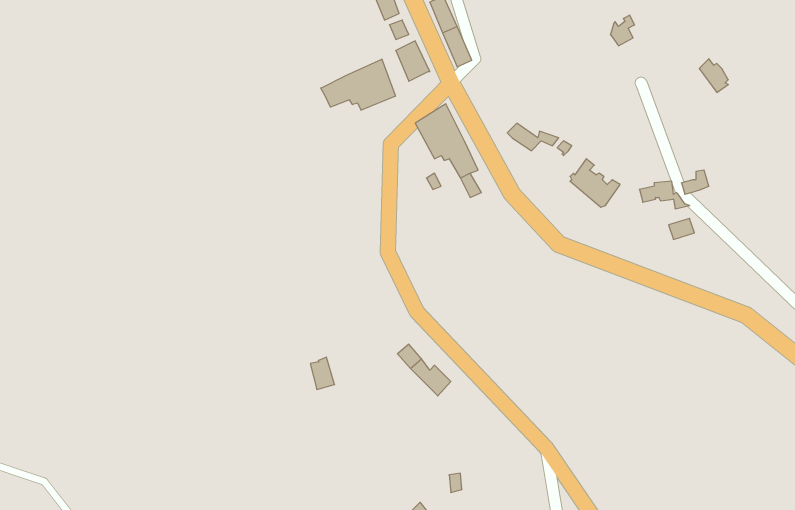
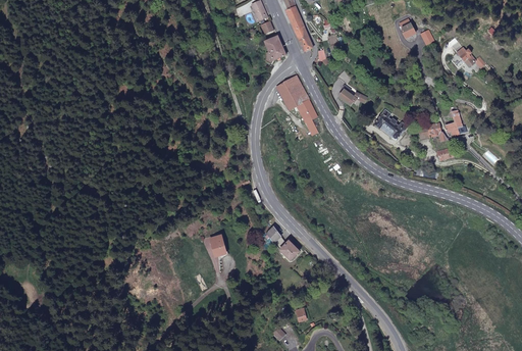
building: [321,59,395,110] -> none

